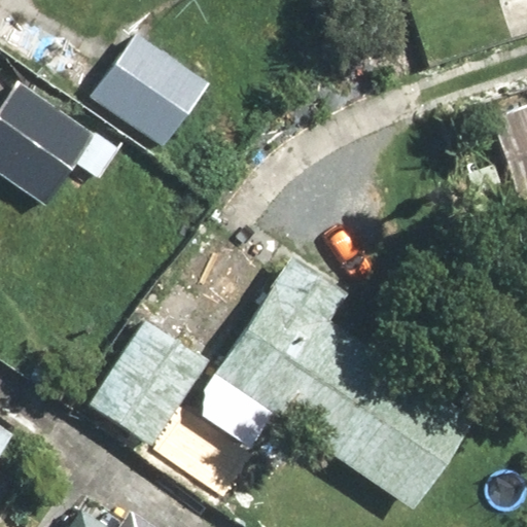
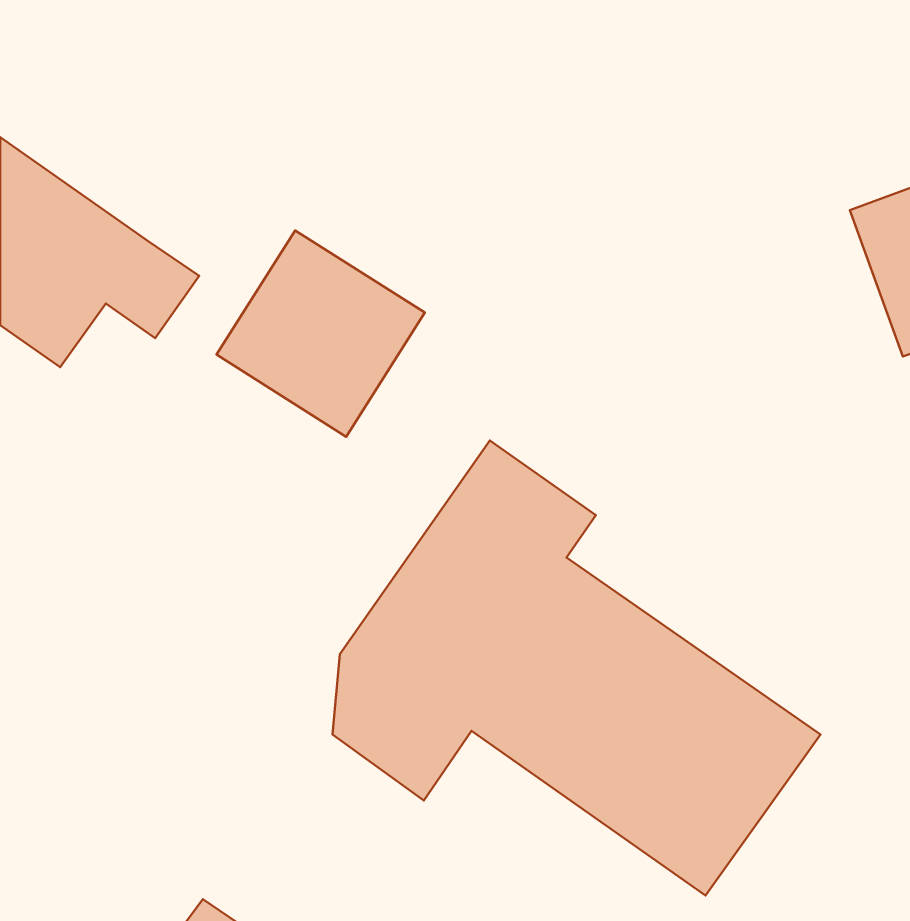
building: [92,29,209,145] -> [217,230,425,437]
building: [93,310,214,440] -> none

